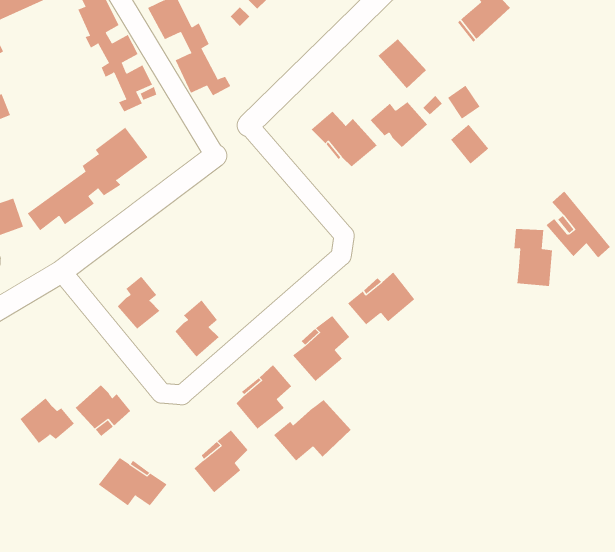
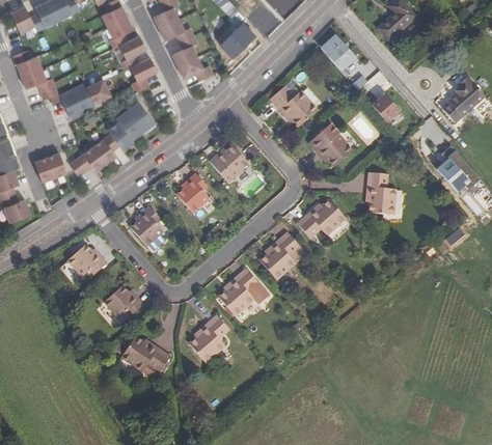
building: none -> [221,23,255,57]
building: none -> [437,76,481,122]
building: none -> [60,78,112,118]
building: [370,101,428,148] -> [311,137,353,170]
building: none -> [209,148,249,185]
building: [514,228,553,286] -> [367,171,395,213]
building: [174,300,219,358] -> [175,173,208,215]
building: [20,397,75,444] -> [66,243,106,276]
building: [273,399,351,462] -> none

